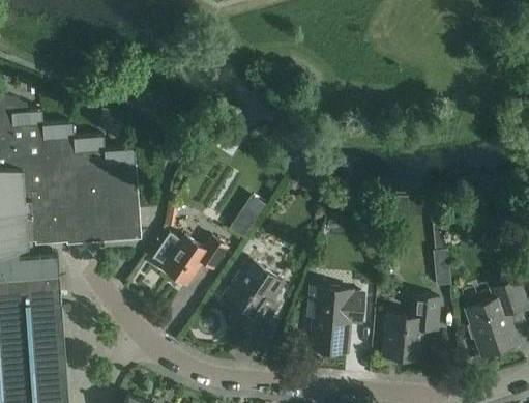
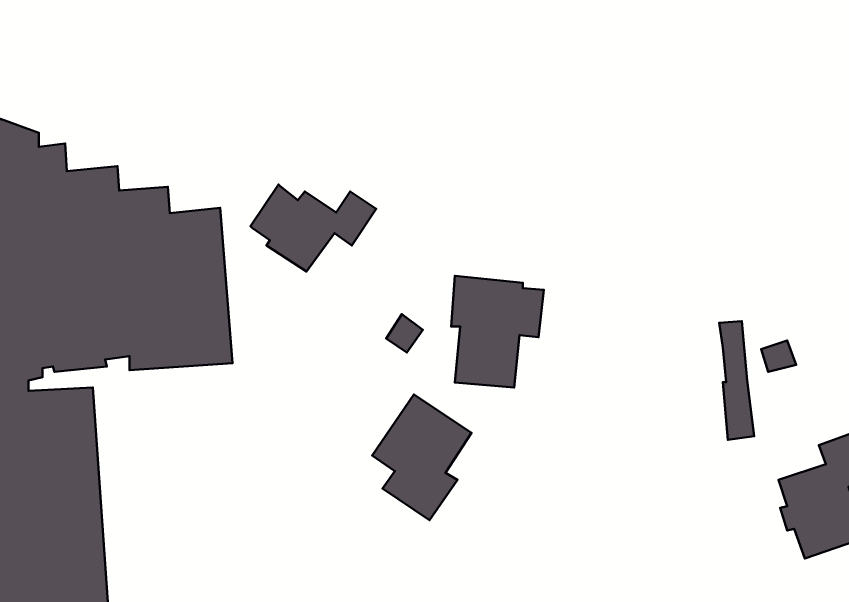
building: [153,233,228,285] -> [251,184,376,272]
building: [310,287,364,353] -> [451,276,544,388]
building: [383,296,440,361] -> none

